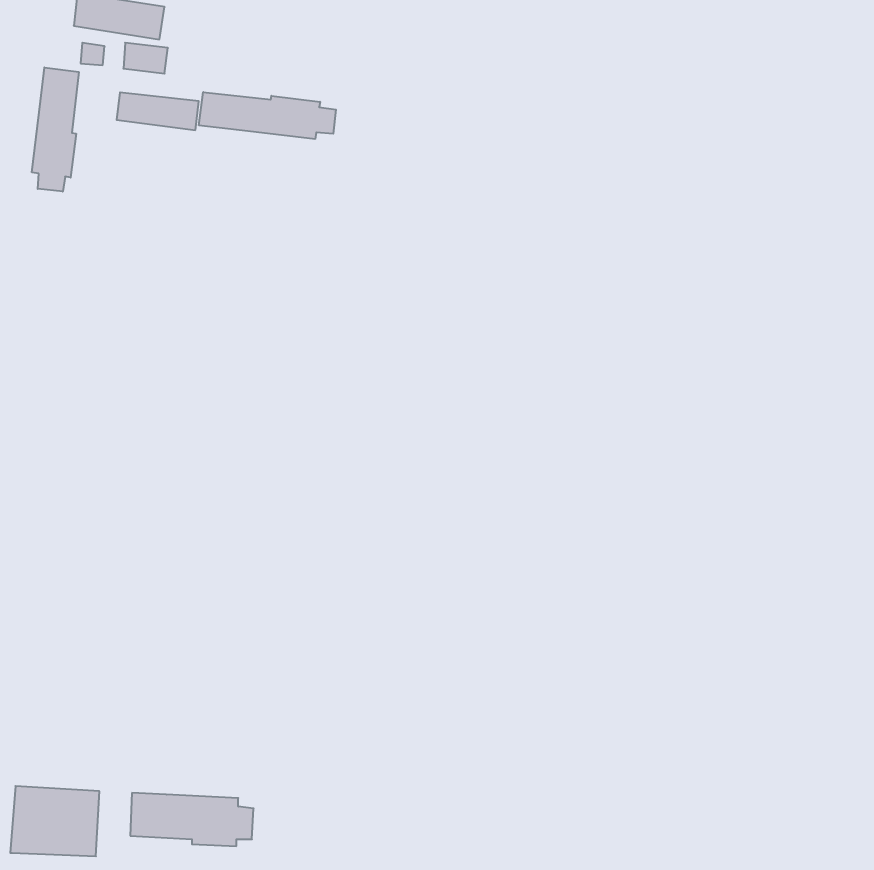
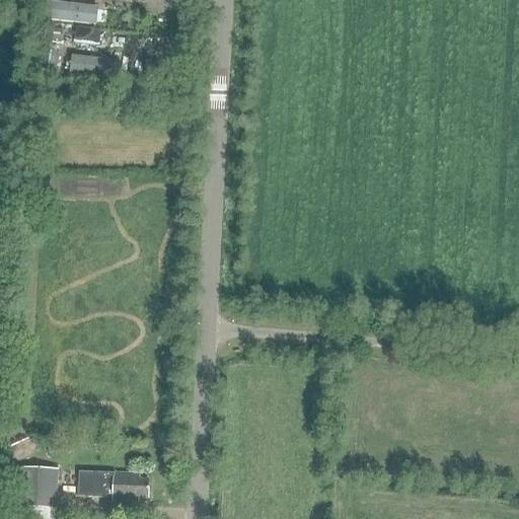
building: [32,67,79,192] -> none
building: [199,92,336,139] -> none

